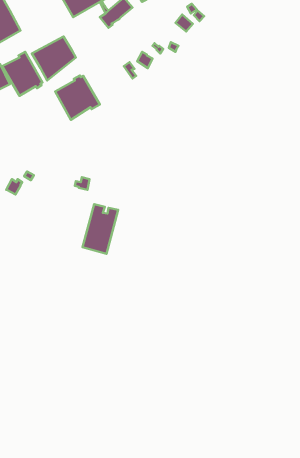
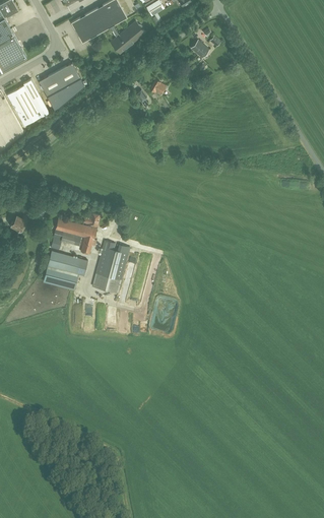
building: [55,75,100,120] -> none
building: none -> [53,215,96,254]
building: none -> [43,251,87,290]

